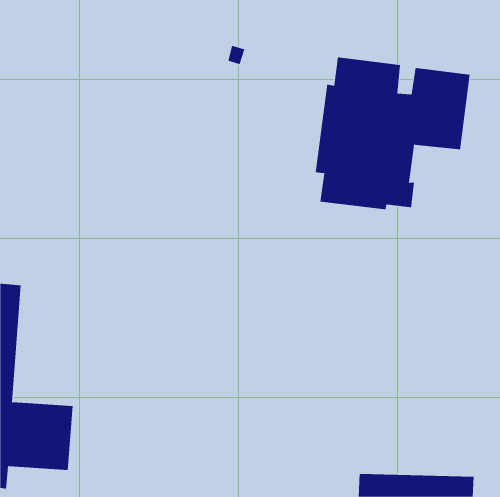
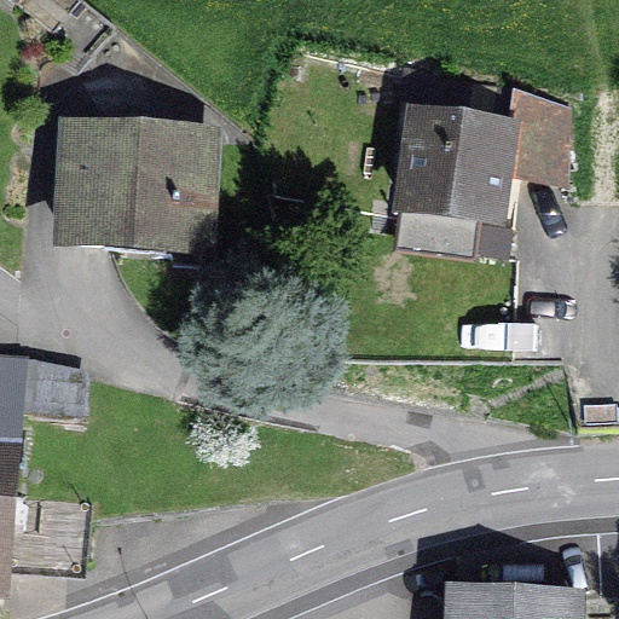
building: none -> [50,116,222,259]

